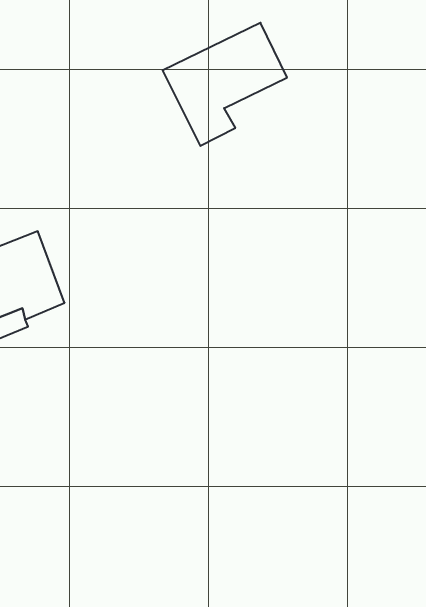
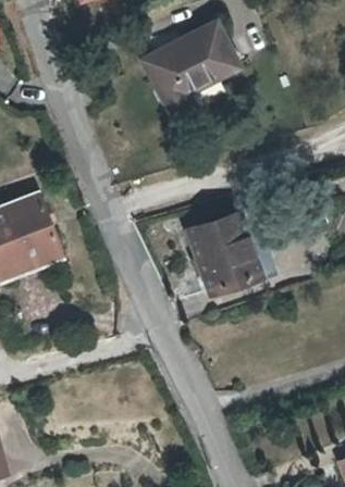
building: none -> [188,220,260,297]

